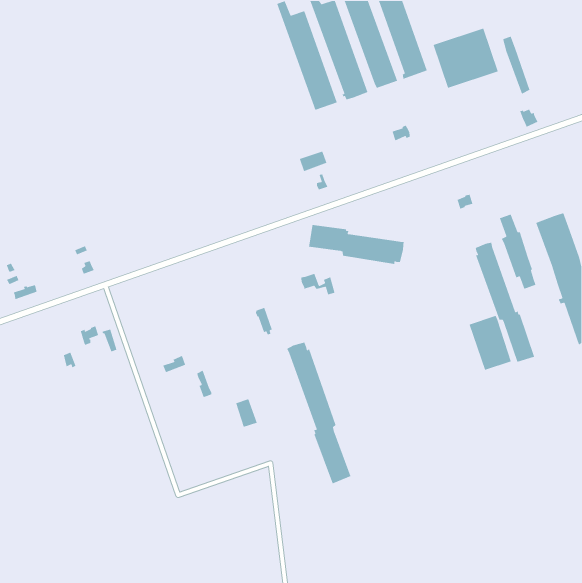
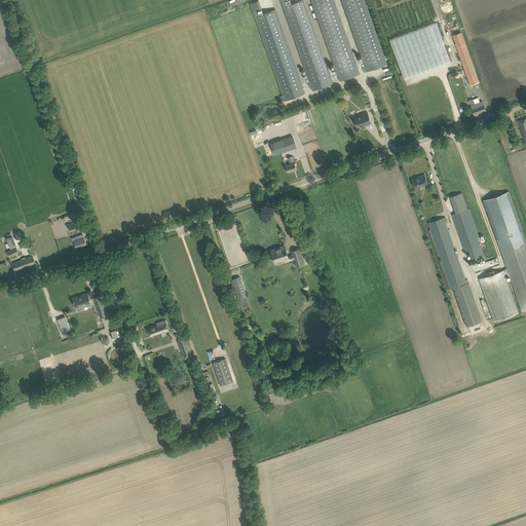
building: [308,224,404,265] -> none
building: [469,315,512,371] -> [478,270,517,321]
building: [286,341,351,485] -> none

